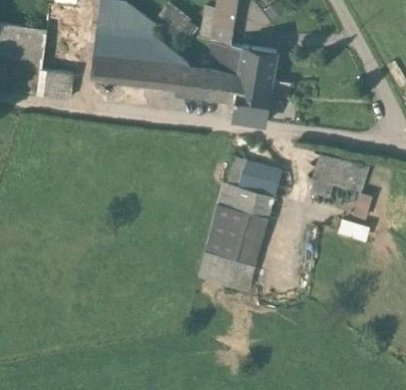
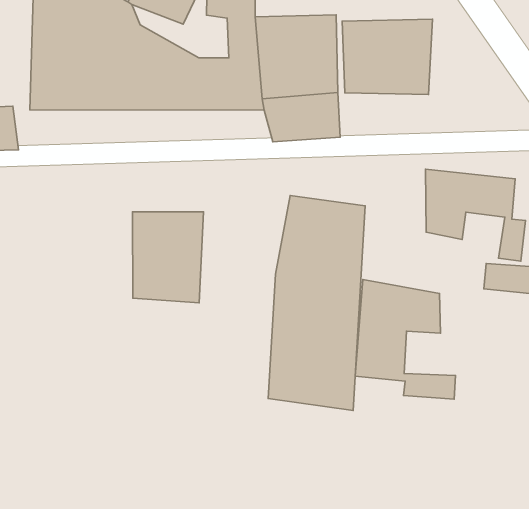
building: none -> [342,19,432,95]
building: none -> [132,212,204,303]
building: none -> [355,280,455,399]

